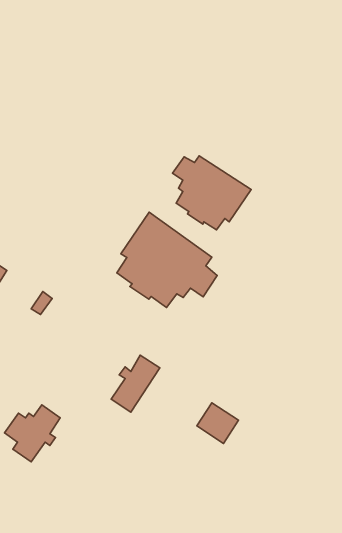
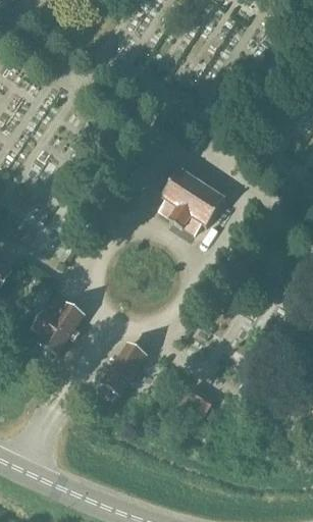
building: [117,212,217,308] -> none
building: [5,405,60,462] -> [34,303,83,353]

